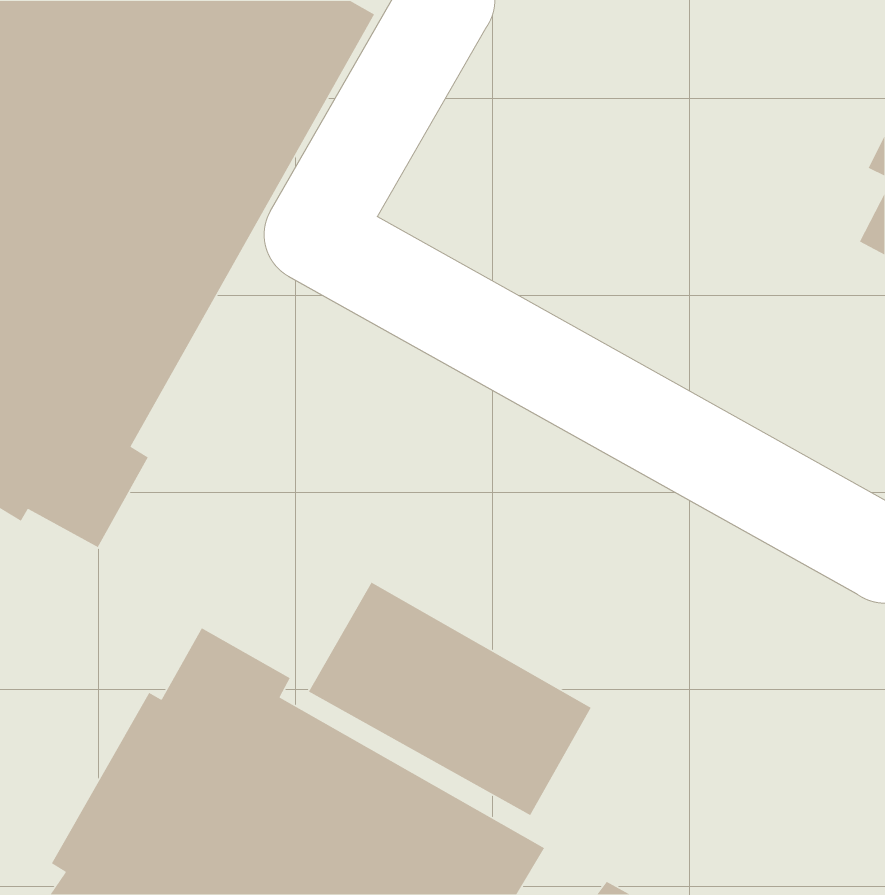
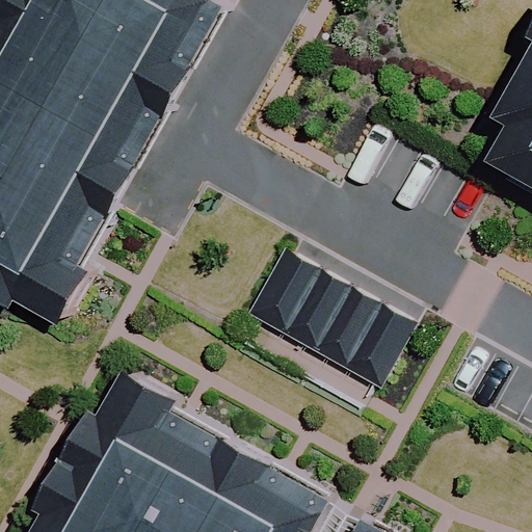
building: [308,581,592,816] -> [245,248,414,388]

